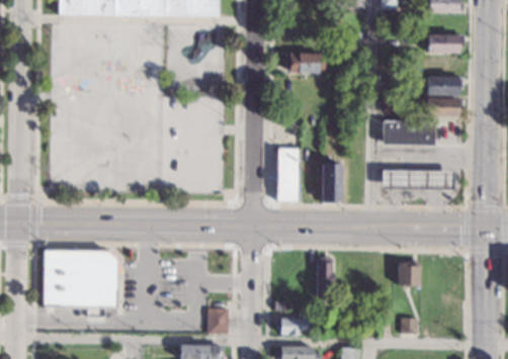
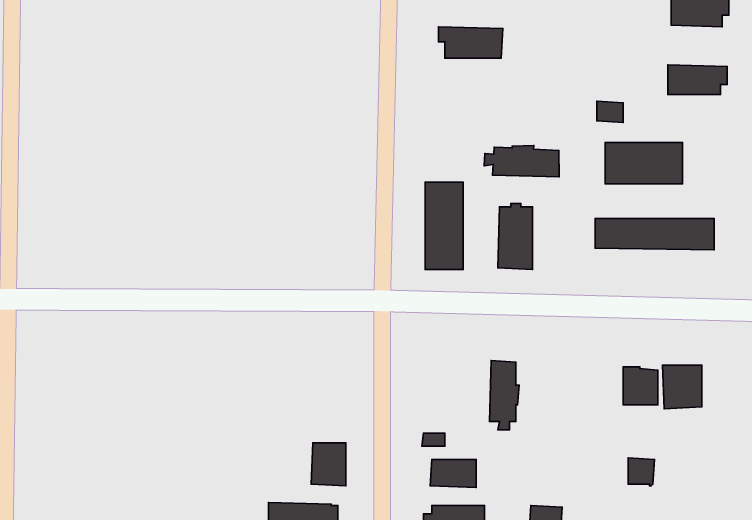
building: [426,97,462,117] -> none
building: none -> [484,146,559,177]
building: [44,249,118,305] -> none
building: none -> [662,365,702,409]

